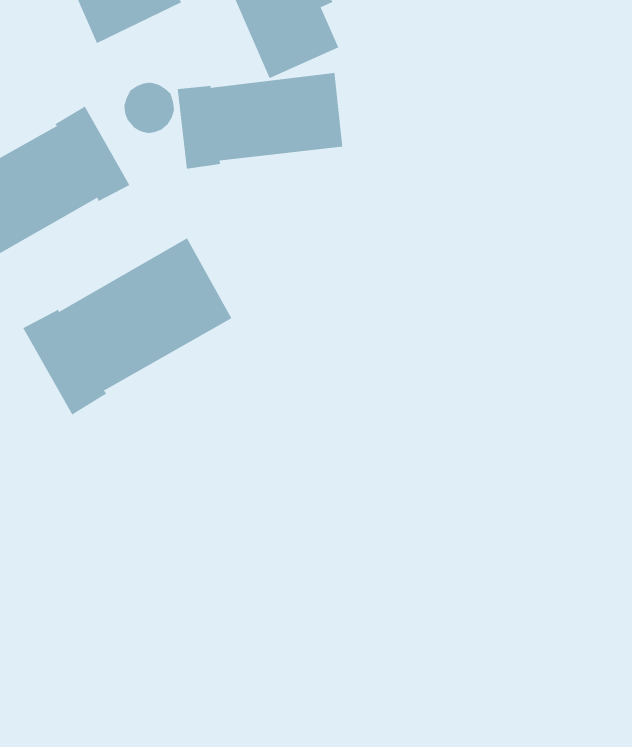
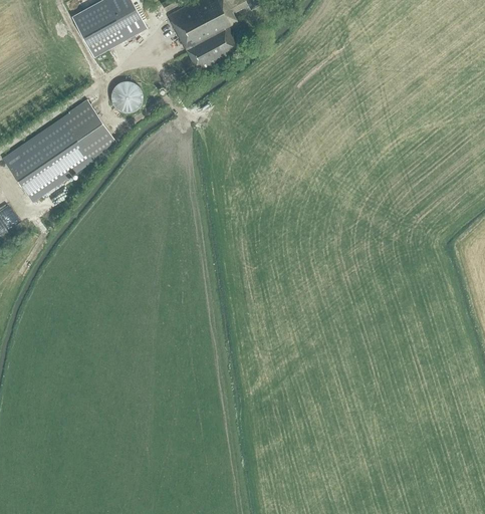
building: [177,72,343,170] -> none
building: [23,237,232,415] -> none

